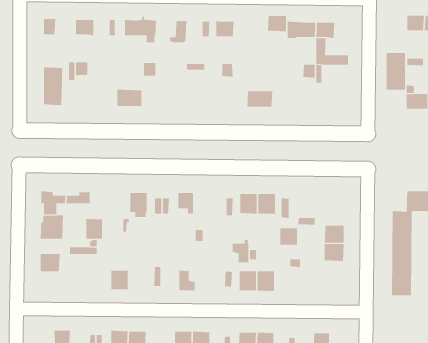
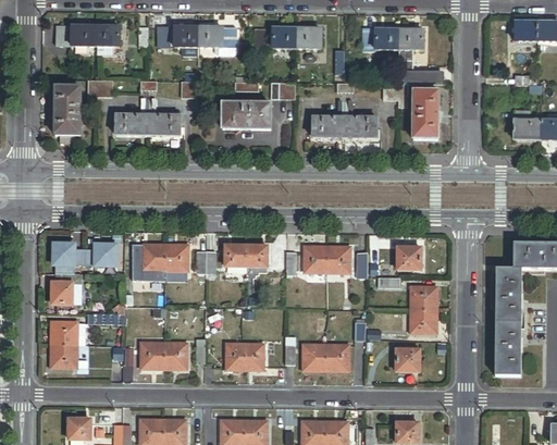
building: [267,15,287,32] -> [296,28,321,49]
building: none -> [71,25,96,46]
building: none -> [198,27,223,48]
building: [386,52,406,90] -> [413,90,438,138]
building: none -> [223,103,271,128]
building: none -> [115,114,148,136]
building: none -> [345,116,377,138]
building: none -> [246,245,267,272]
building: [86,218,103,239] -> [143,244,164,270]
building: [280,228,298,245] -> [397,247,420,269]
building: [232,240,249,263] -> [240,339,262,369]
building: none -> [163,343,186,368]
building: none -> [51,345,76,367]
building: none -> [396,348,419,371]

